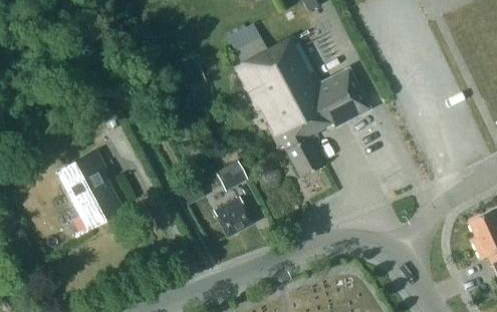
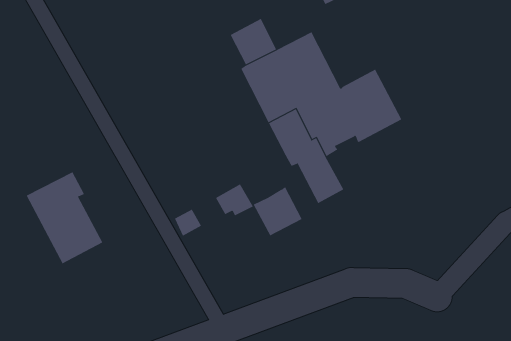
building: [212,196,253,237] -> [253,187,302,236]

